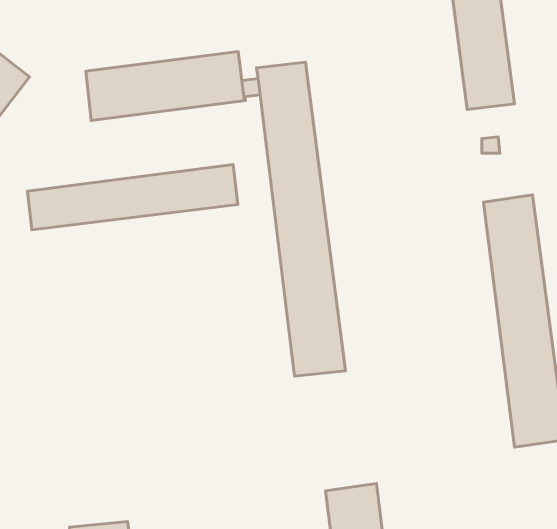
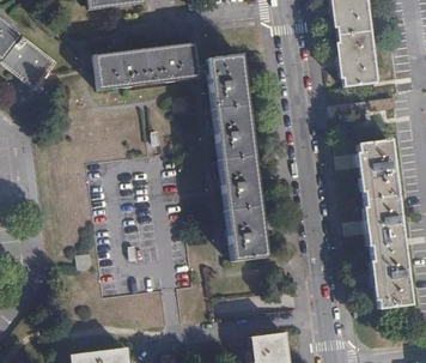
building: [28,164,238,230] -> none

